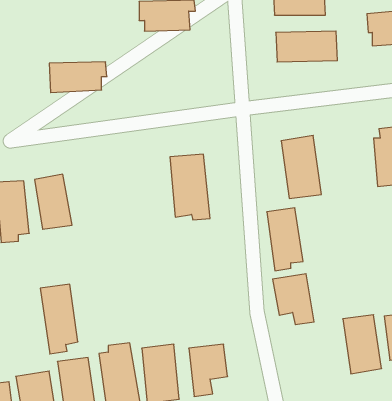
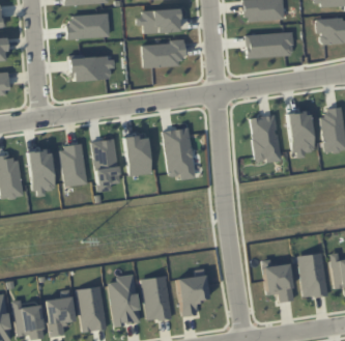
building: none -> [68,13,110,38]
building: none -> [143,42,183,67]
building: none -> [124,136,150,176]
building: [267,208,303,271] -> [287,110,315,159]
building: [273,274,314,325] -> [262,263,294,303]
building: [40,284,78,354] -> [91,138,120,192]

